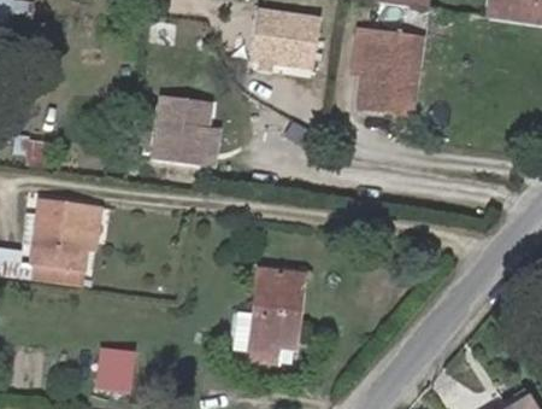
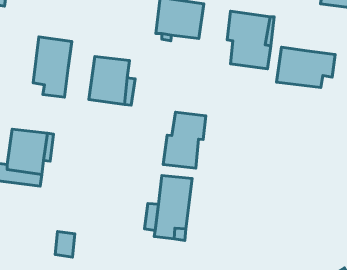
building: none -> [33,37,72,97]
building: none -> [276,47,335,87]
building: none -> [163,112,206,168]

